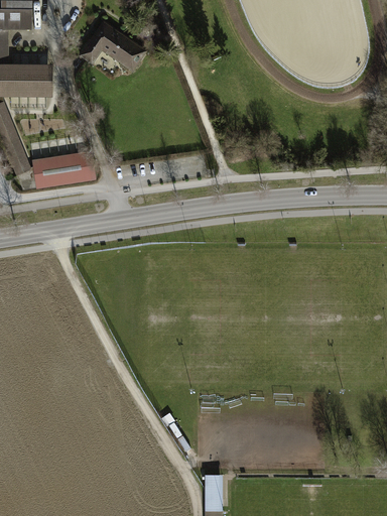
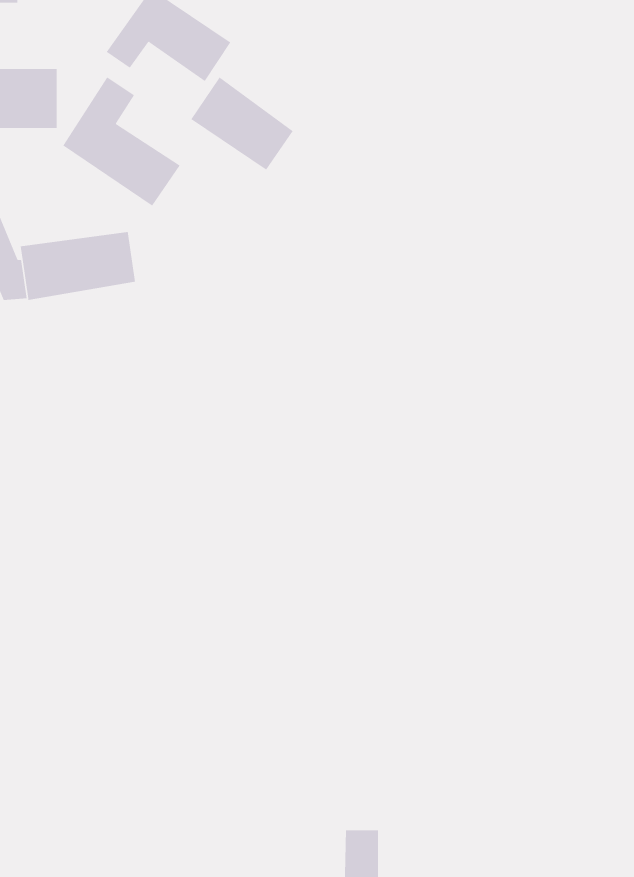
building: none -> [190,76,294,171]
building: none -> [63,77,180,206]

